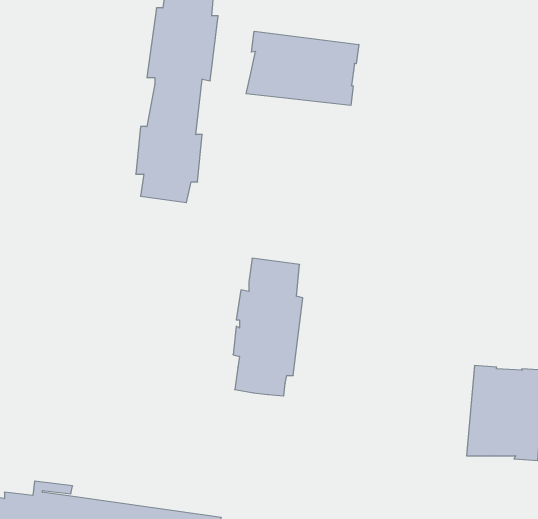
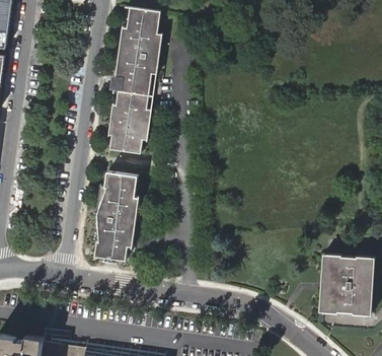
building: [246,31,359,105] -> none
building: [233,258,303,396] -> [96,169,141,258]

